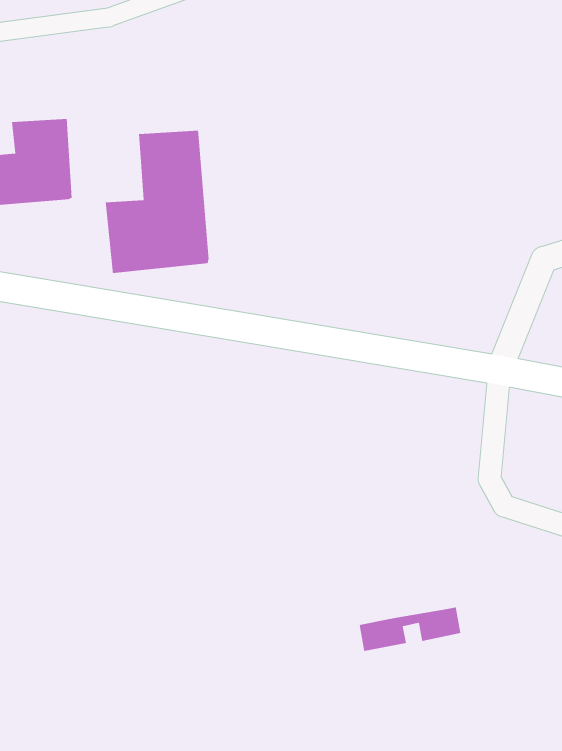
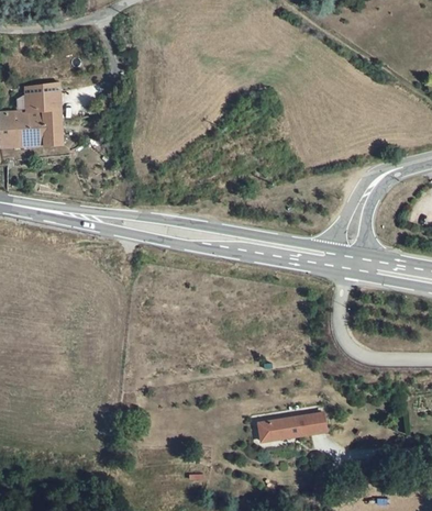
building: [105,130,209,274] -> none

